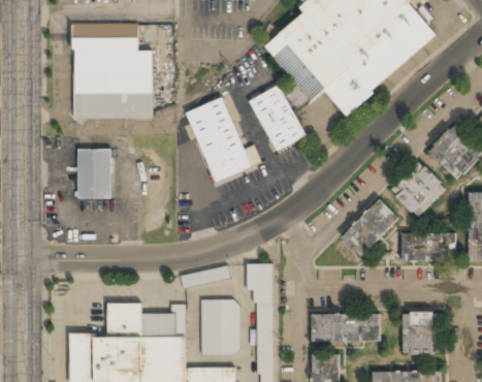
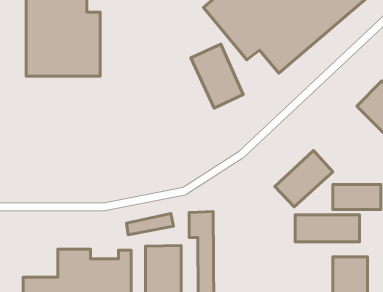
building: [187,98,263,183] -> none
building: [78,149,111,199] -> none
building: [390,162,447,219] -> none
building: [312,313,381,342] -> [295,215,360,242]

